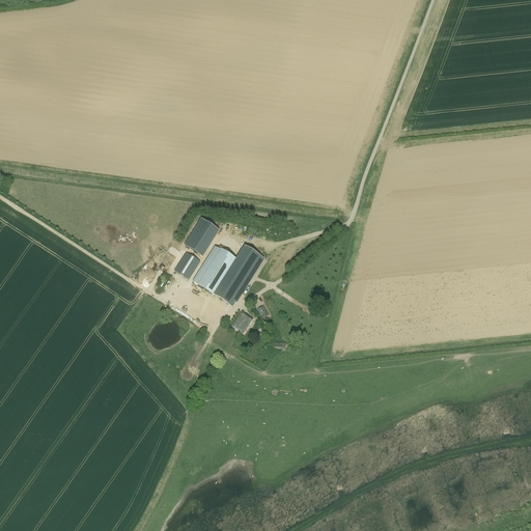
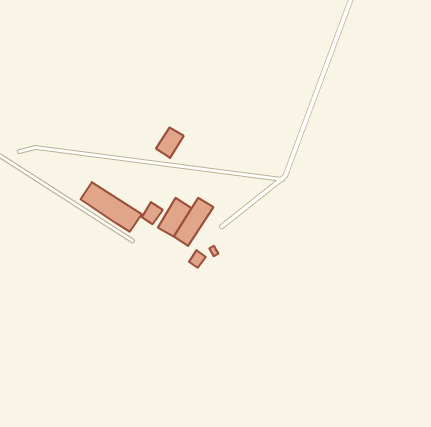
building: [185,217,219,254] -> [156,128,184,158]
building: none -> [81,182,142,232]

